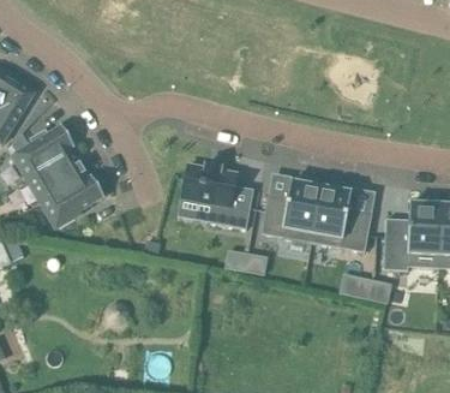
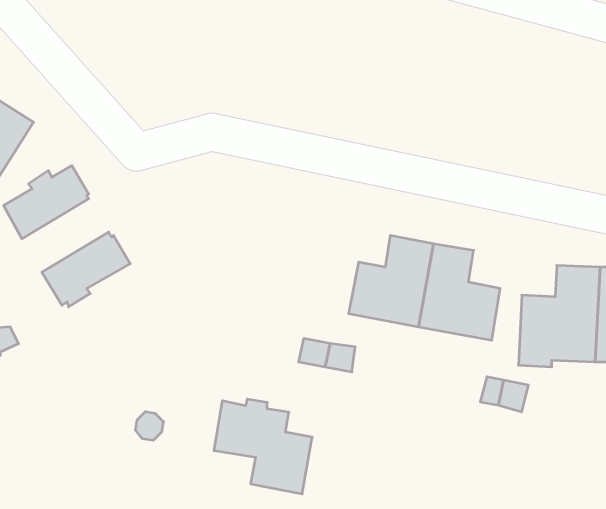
building: [25,150,88,203] -> none
building: [182,162,253,231] -> [214,399,312,494]

